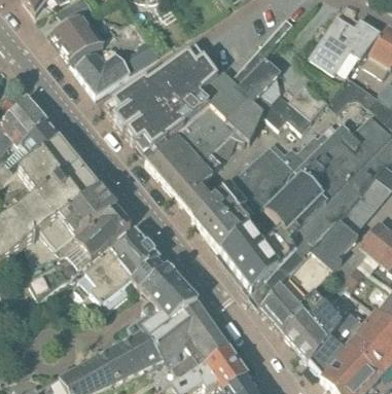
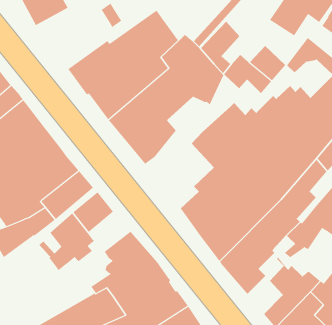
building: [75,40,132,96] -> none
building: [192,181,253,249] -> none
building: [126,252,169,293] -> none
building: [288,294,325,357] -> none

